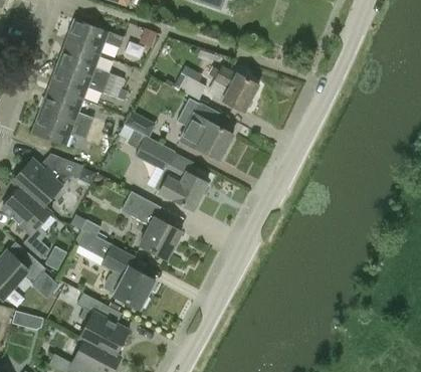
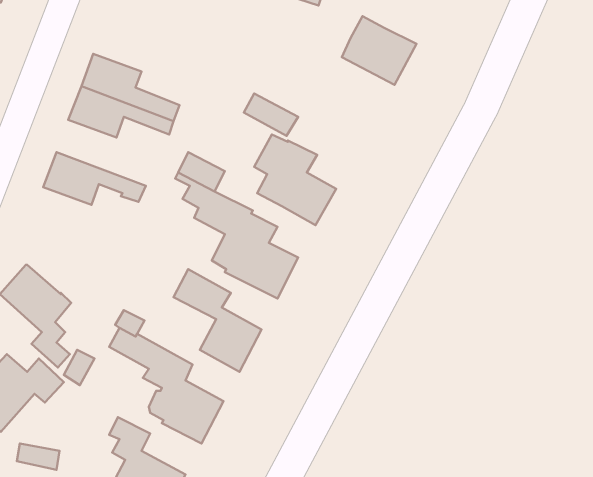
building: [65,19,124,54] -> none
building: [207,65,258,113] -> [342,16,417,85]
building: [40,87,110,133] -> none
building: [12,152,96,207] -> none

